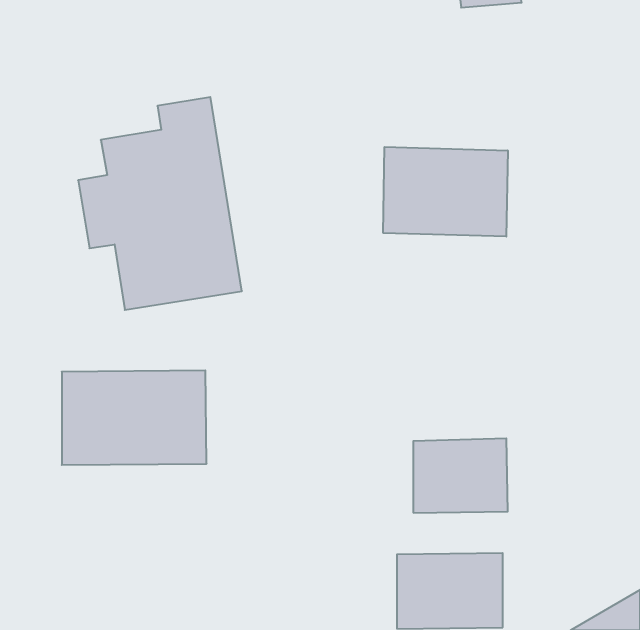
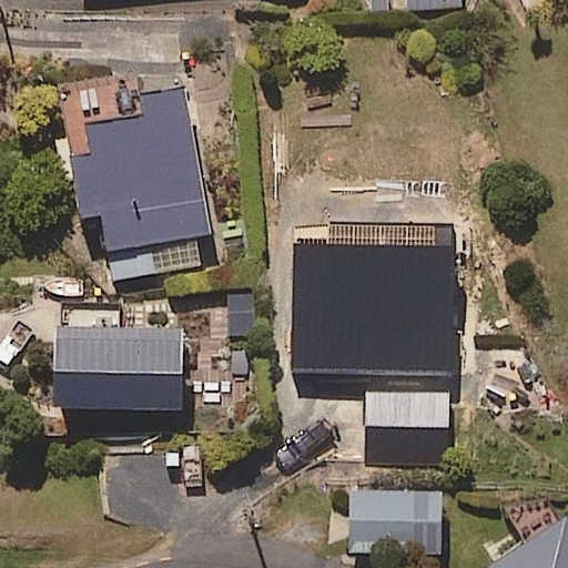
building: [383,147,508,237] -> none
building: none -> [287,253,455,373]

